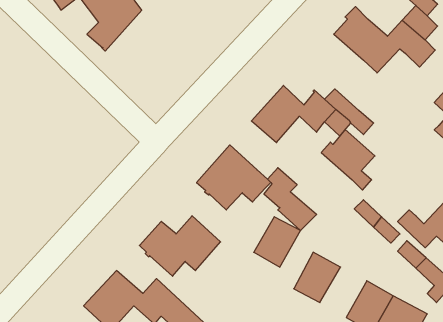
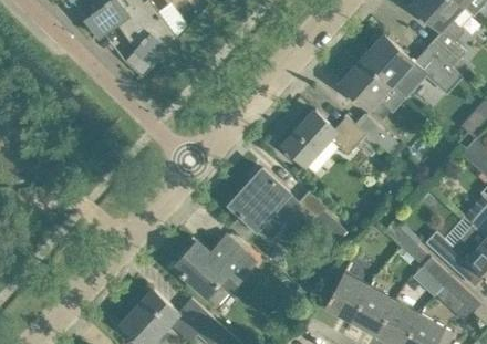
building: [321,130,375,190] -> [339,61,391,119]
building: [254,217,301,267] -> [349,286,394,335]

